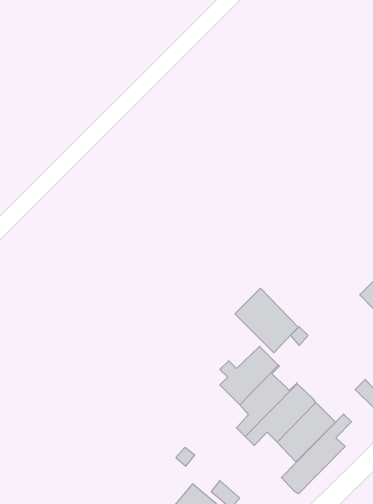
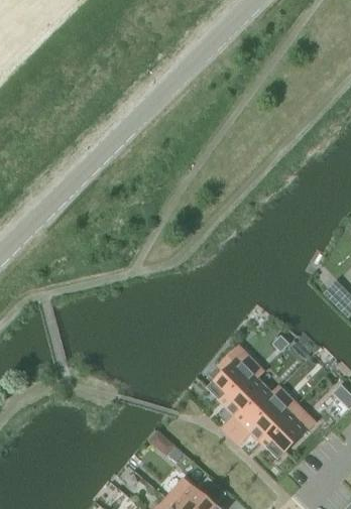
building: [235,288,298,353] -> none
building: [281,414,352,494] -> none

